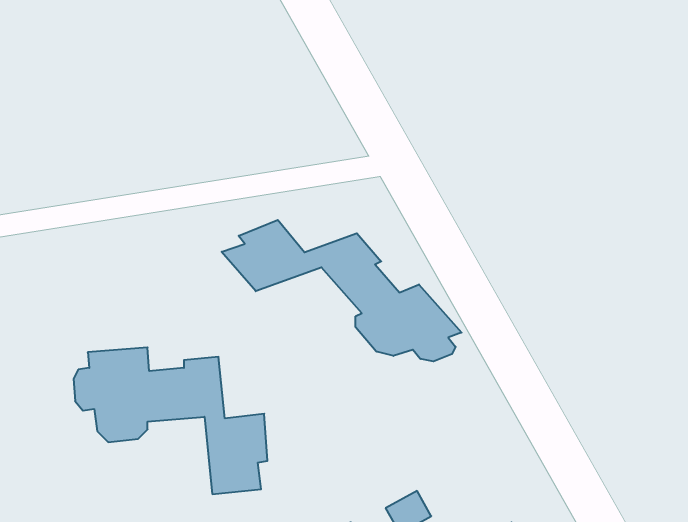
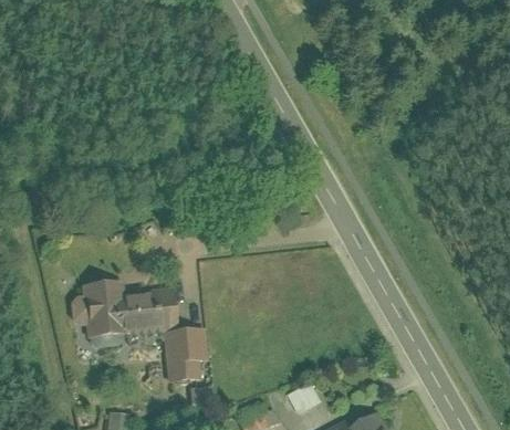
building: [222,220,462,361] -> none

